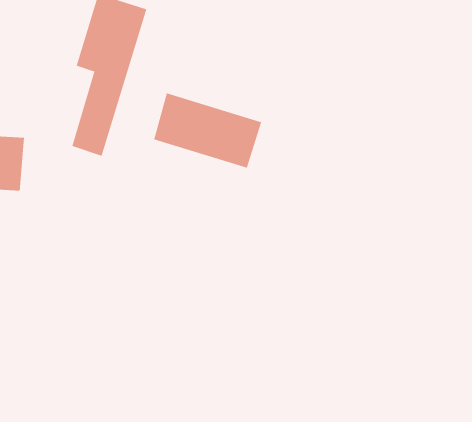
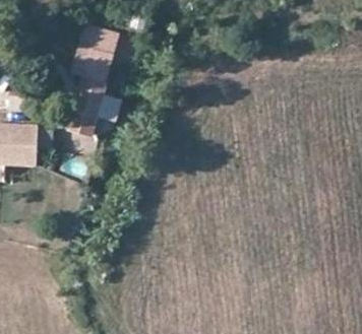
building: [154,92,262,168] -> none

